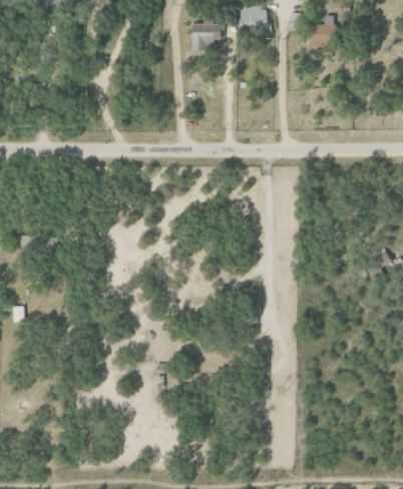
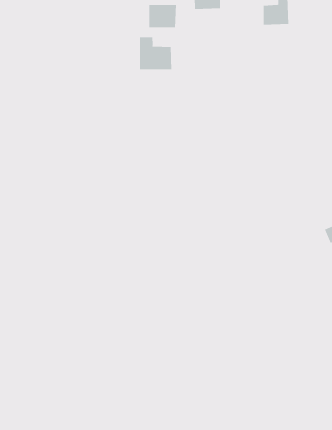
building: none -> [139,36,172,70]

